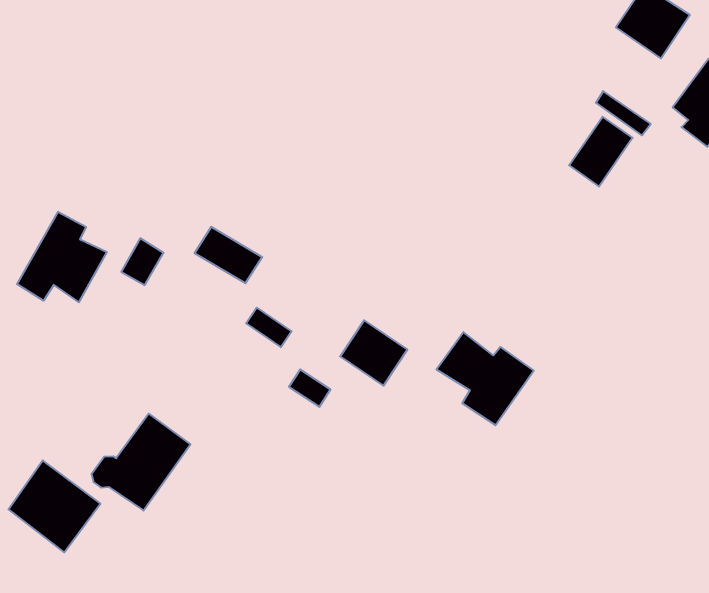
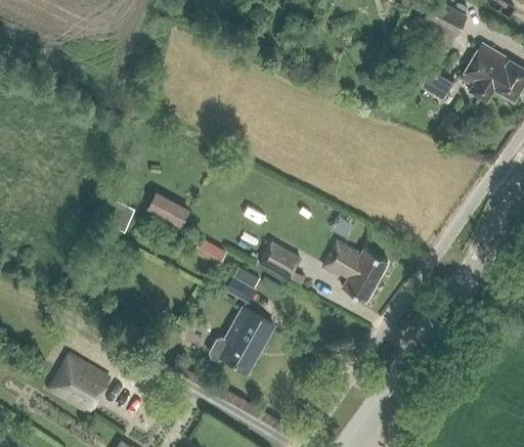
building: [569,117,633,187] -> none
building: [17,212,107,302] -> none
building: [91,414,190,511] -> [210,307,273,371]

